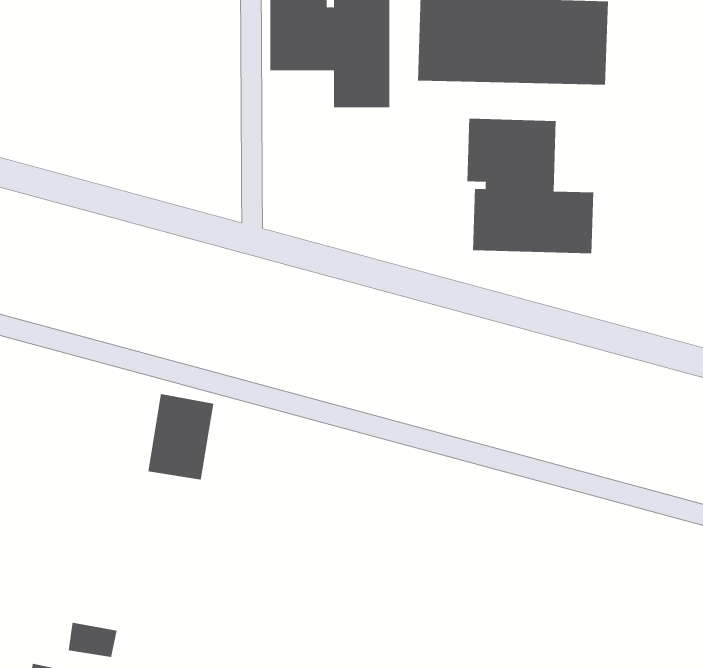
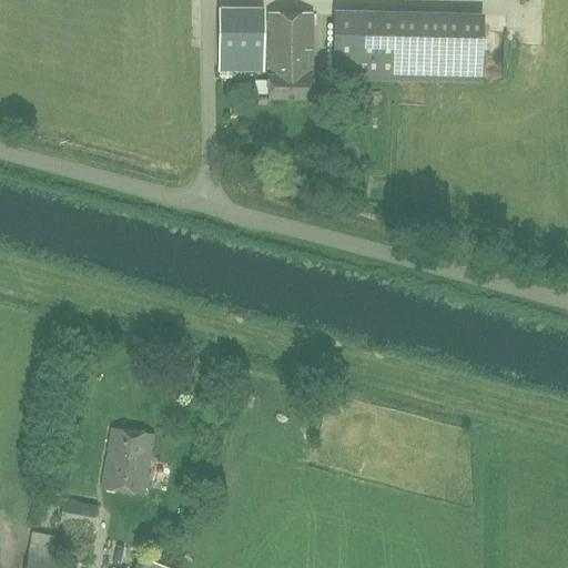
building: [467,118,594,254] -> none
building: [147,394,214,480] -> [102,424,154,491]

